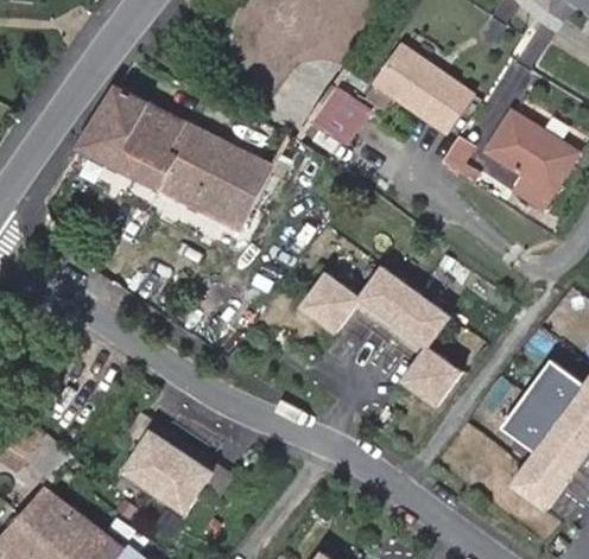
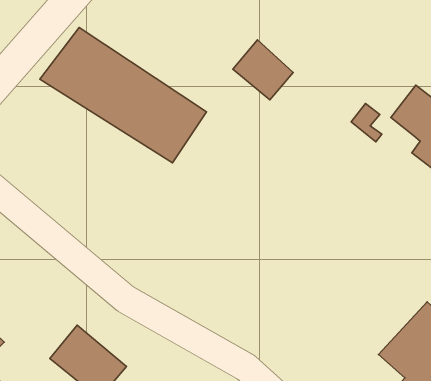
building: [376,47,470,132] -> none
building: [299,268,458,406] -> none

